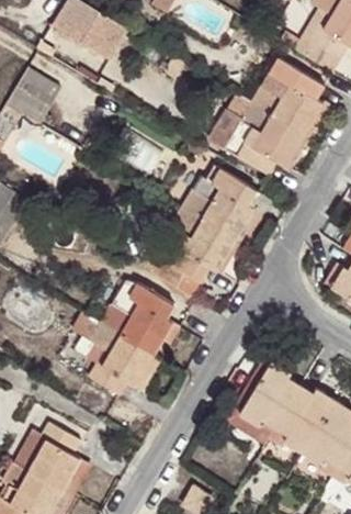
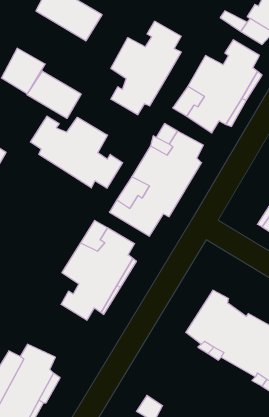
building: none -> [111,21,181,115]
building: none -> [27,71,81,118]
building: none -> [30,116,123,188]

